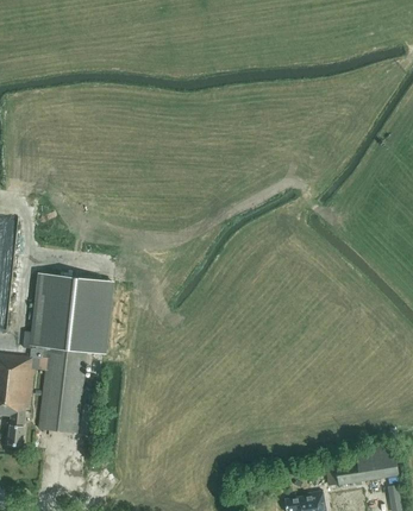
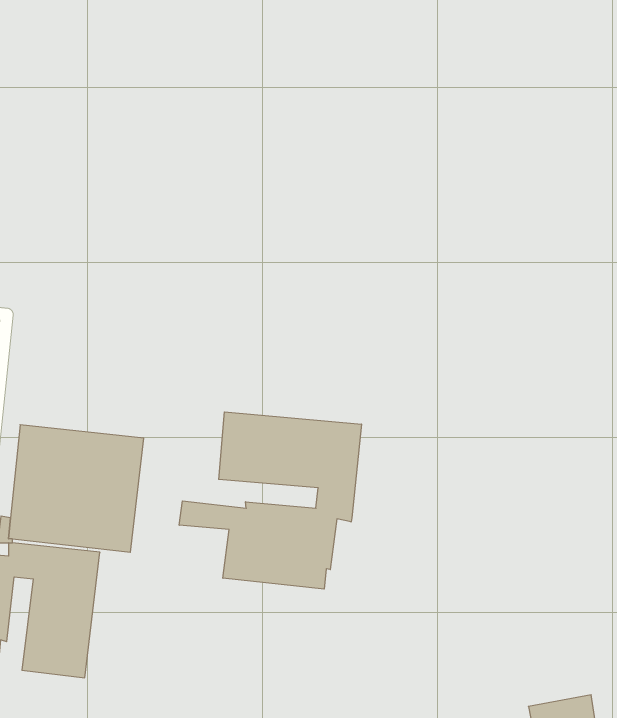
building: none -> [179,412,361,589]

